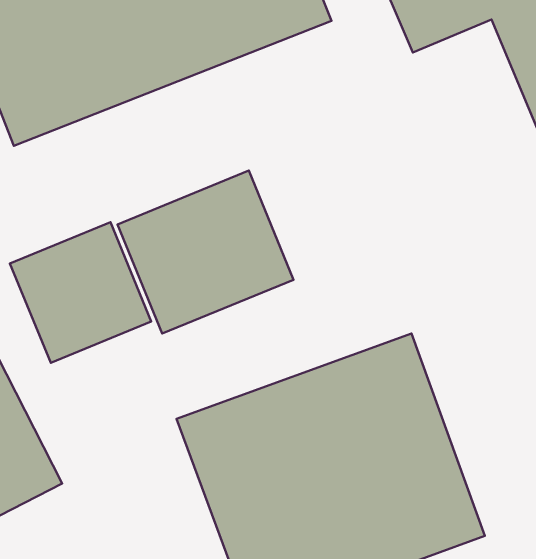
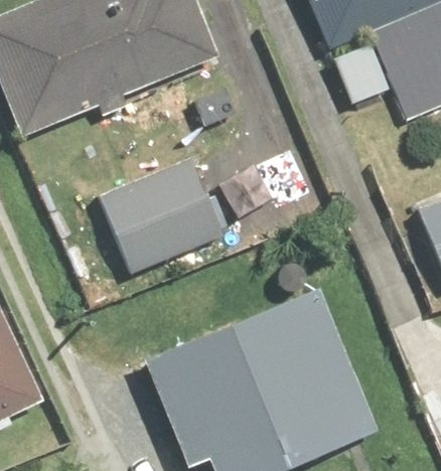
building: [10,222,151,363] -> none

